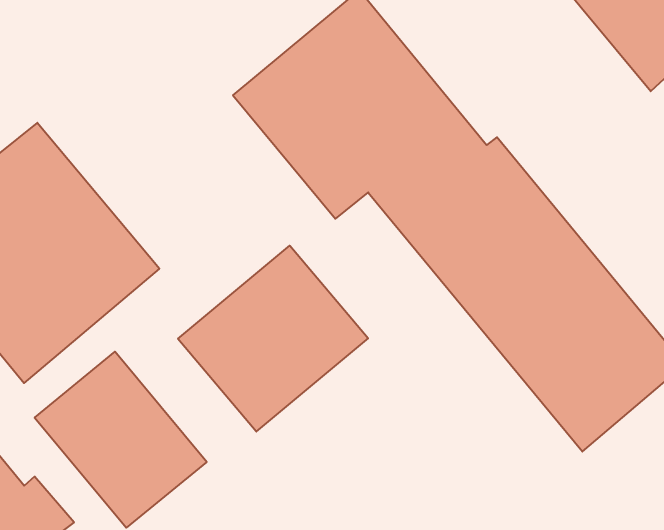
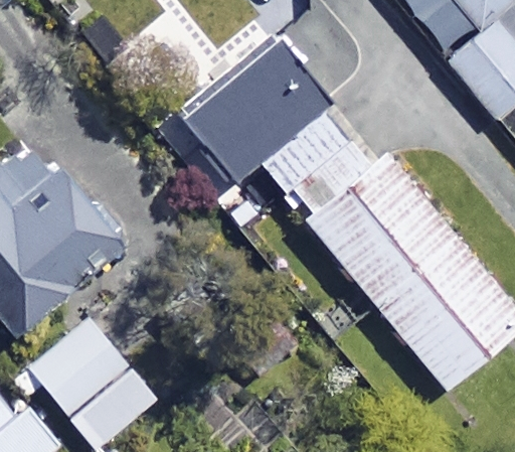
building: [178,246,368,432] -> none

